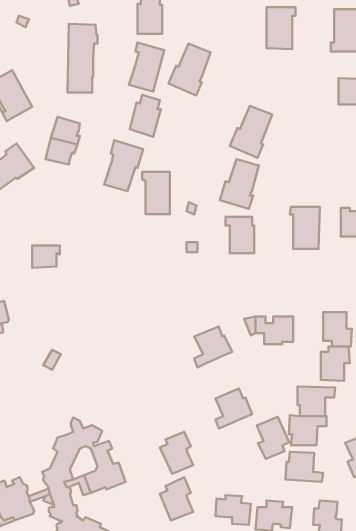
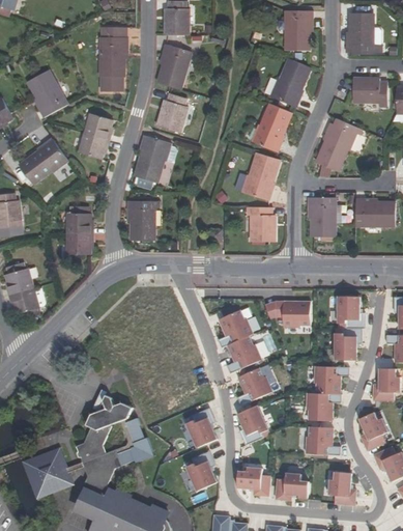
building: [168,43,211,96] -> [269,58,309,107]
building: none -> [315,118,355,171]
building: [142,172,170,214] -> [127,200,153,240]
building: none -> [66,205,93,233]
building: none -> [226,335,261,372]
building: [257,417,289,459] -> [237,404,267,444]

